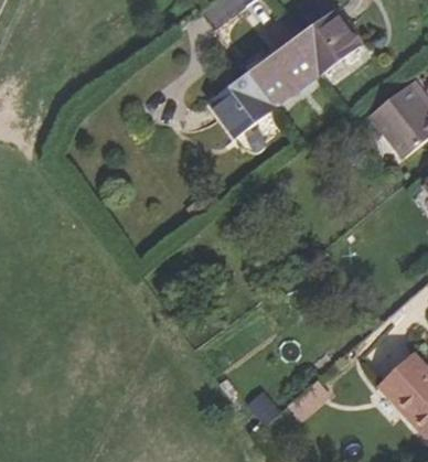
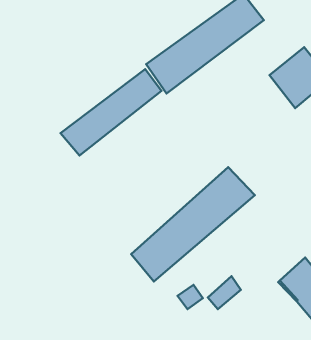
building: none -> [61,69,161,156]
building: none -> [131,167,255,281]

